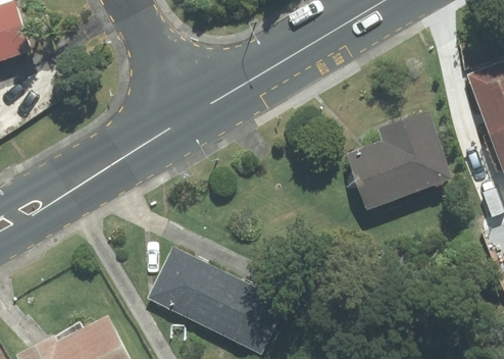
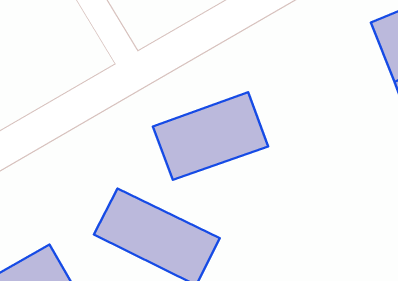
building: [346,112,454,211] -> none
building: none -> [153,92,268,180]

